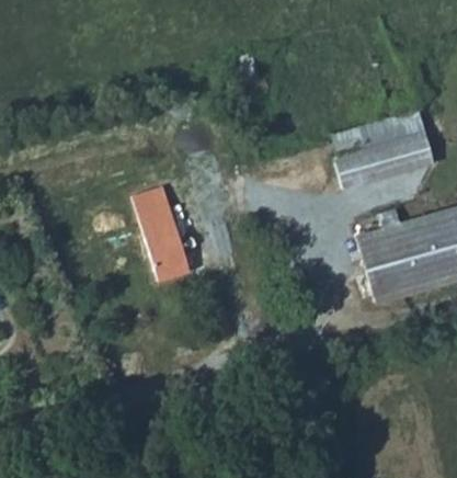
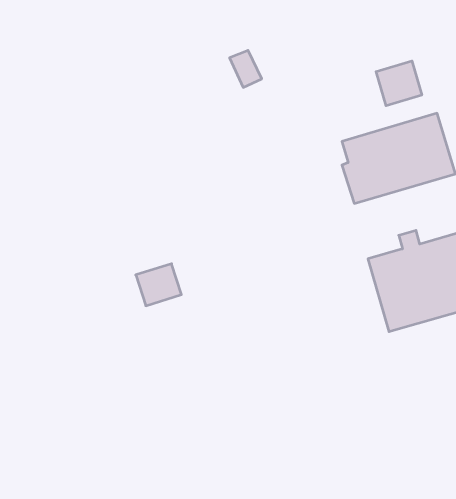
building: none -> [376,61,422,106]
building: [134,187,182,252] -> none

